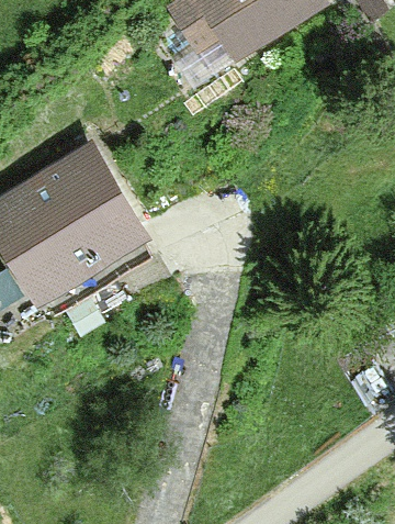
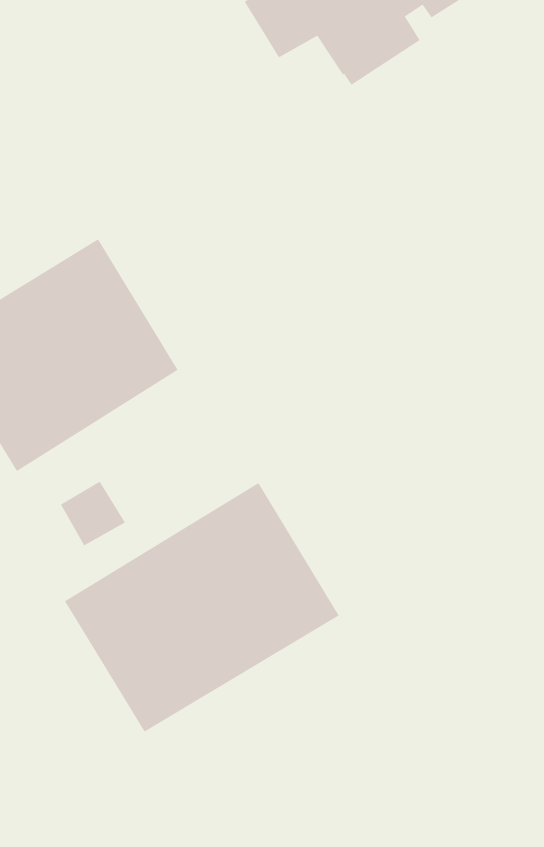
building: none -> [64,482,339,732]

